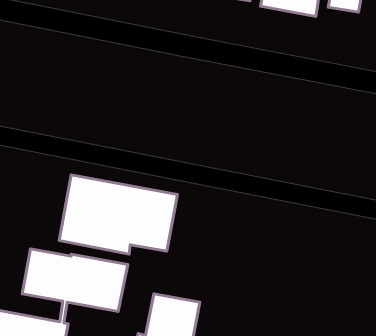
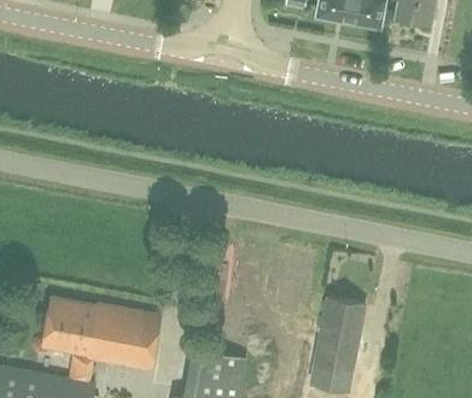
building: [59,175,178,254] -> none
building: none -> [310,297,365,391]

